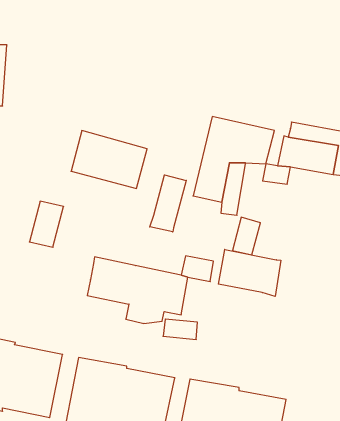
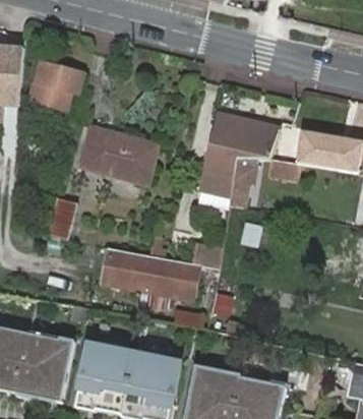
building: none -> [29,63,80,111]
building: [150,175,186,232] -> none
building: [218,249,281,296] -> none

